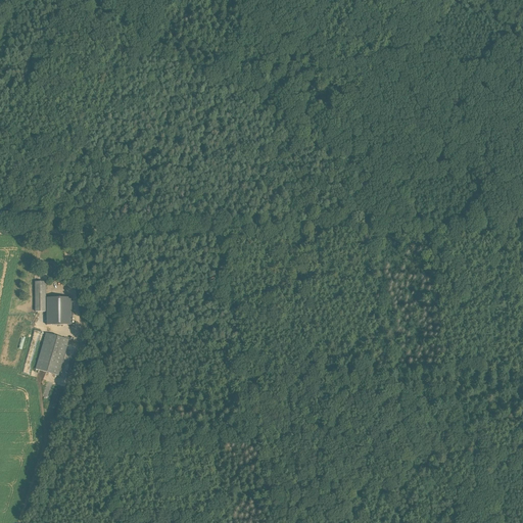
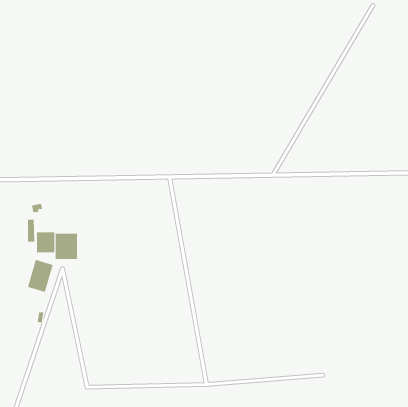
building: none -> [55,233,78,260]

